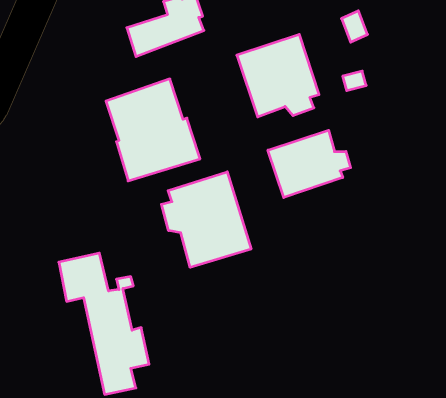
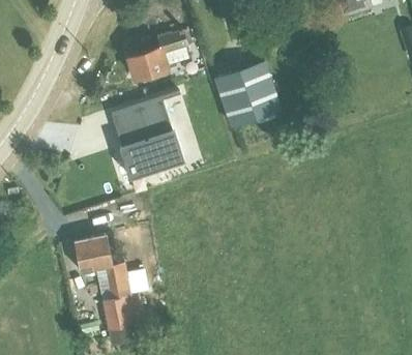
building: [268,130,351,198] -> none
building: [161,172,251,267] -> none

